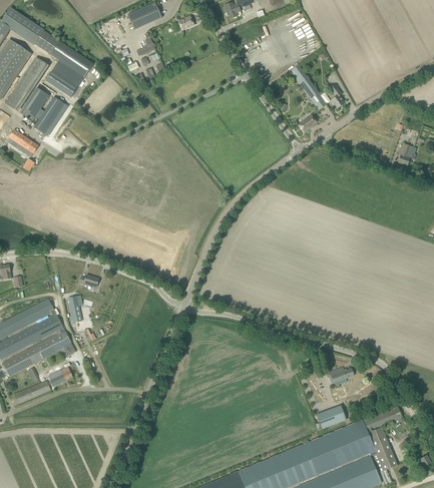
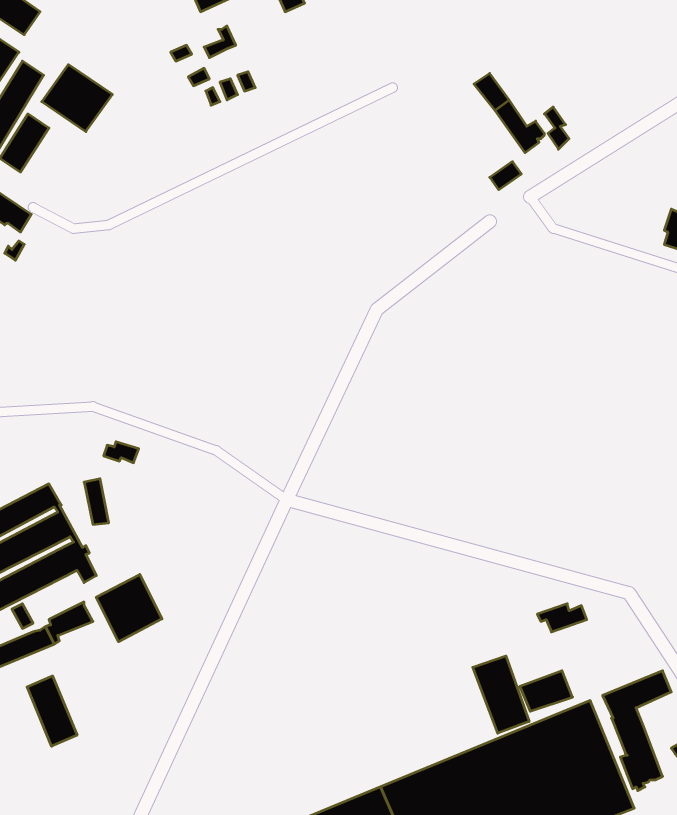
building: [34,30,93,77] -> none
building: [33,96,66,134] -> none
building: none -> [96,574,162,642]
building: none -> [473,656,529,733]
building: none -> [27,676,77,746]

